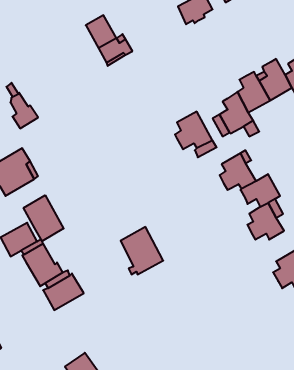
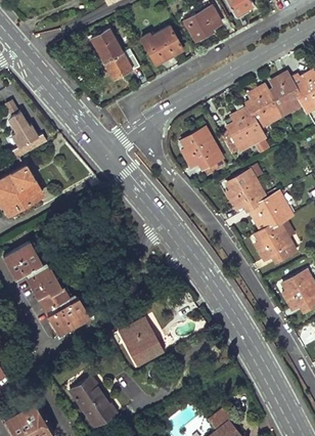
building: none -> [140,26,181,63]
building: [24,195,64,241] -> none
building: [121,227,163,274] -> [119,318,163,367]

